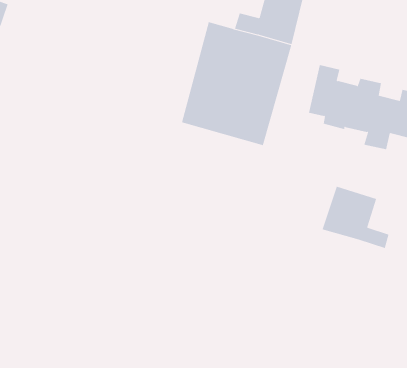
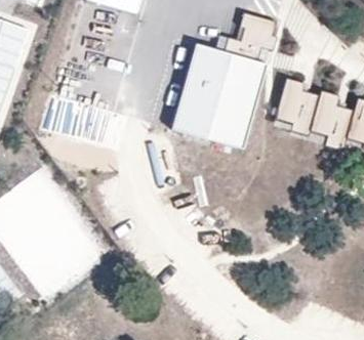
building: [322,186,389,249] -> none

